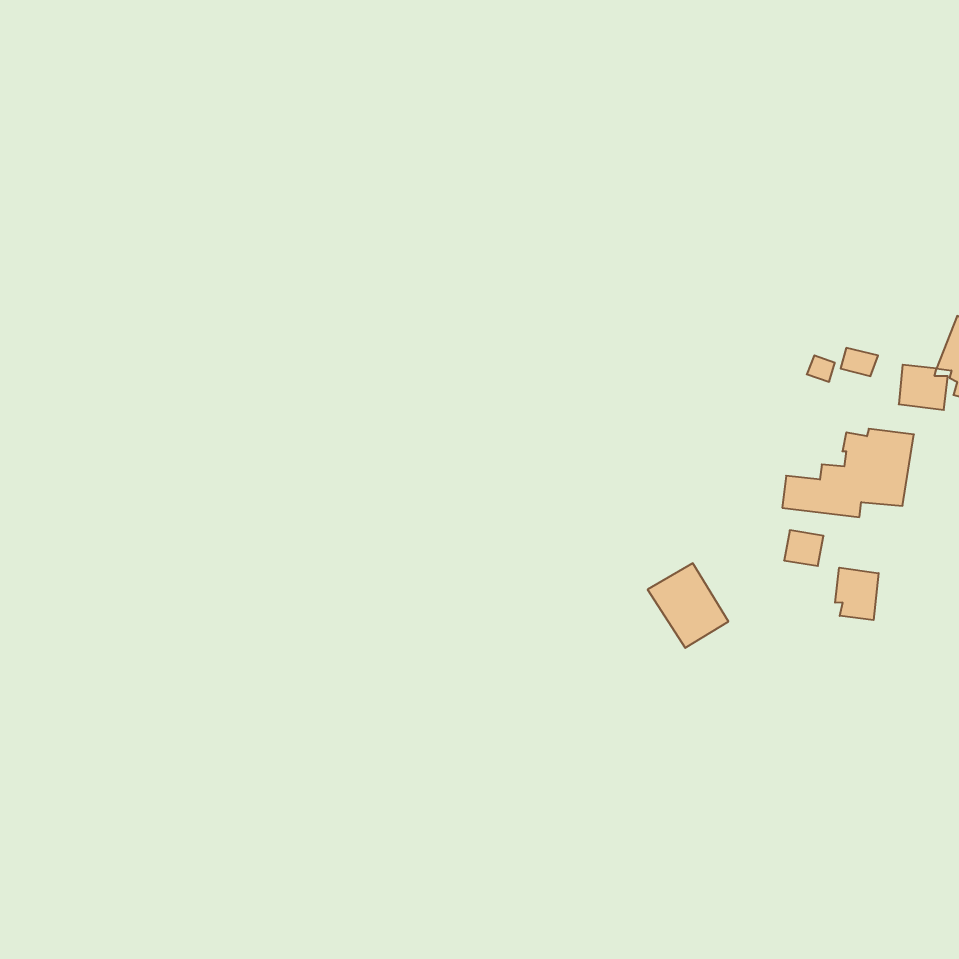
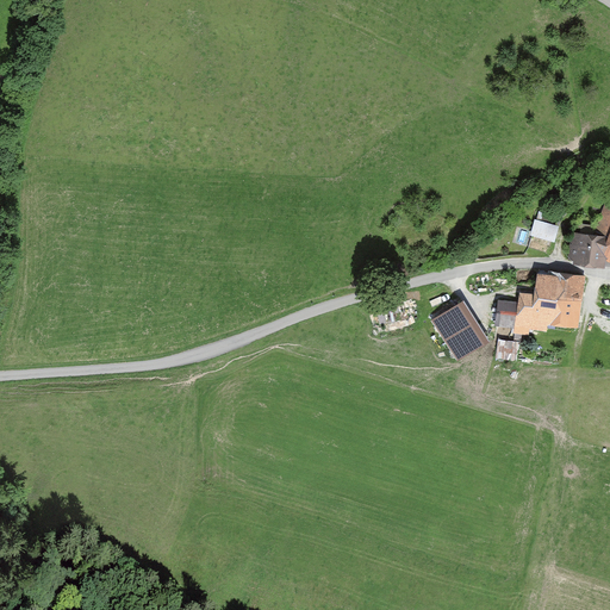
building: [648,563,728,648] -> [436,305,487,359]
building: [835,568,879,620] -> none

